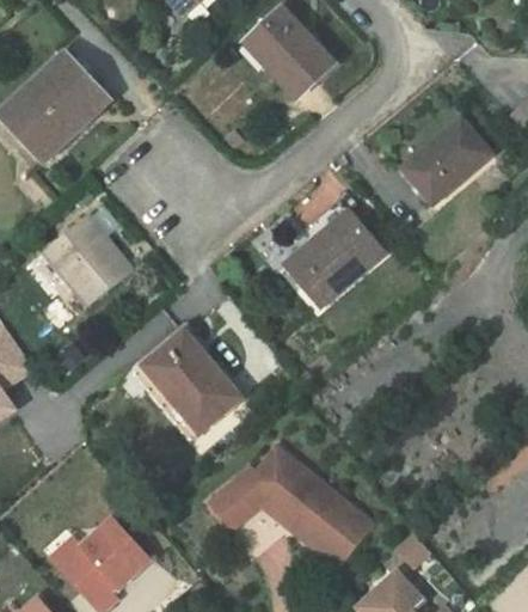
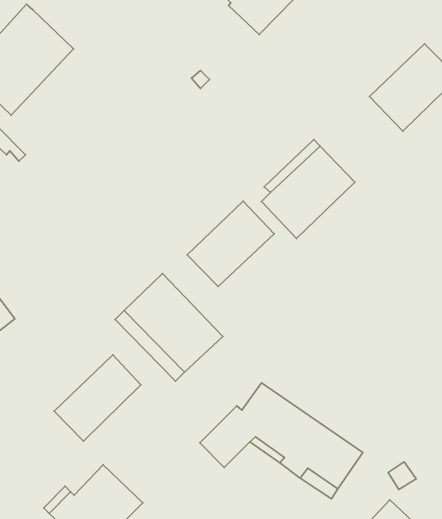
building: [43,214,131,305] -> none
building: none -> [187,201,274,287]
building: none -> [54,355,141,441]

